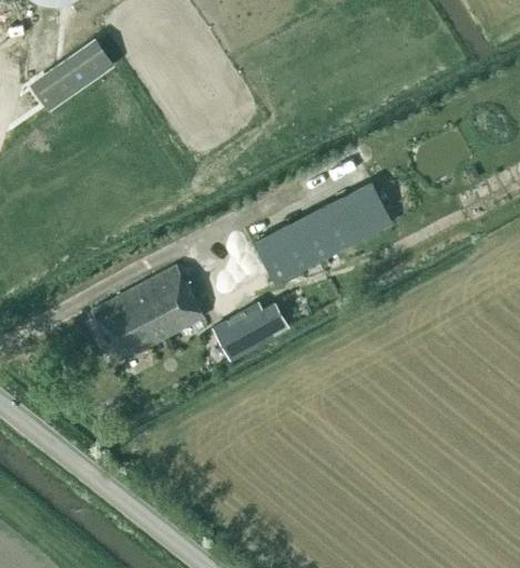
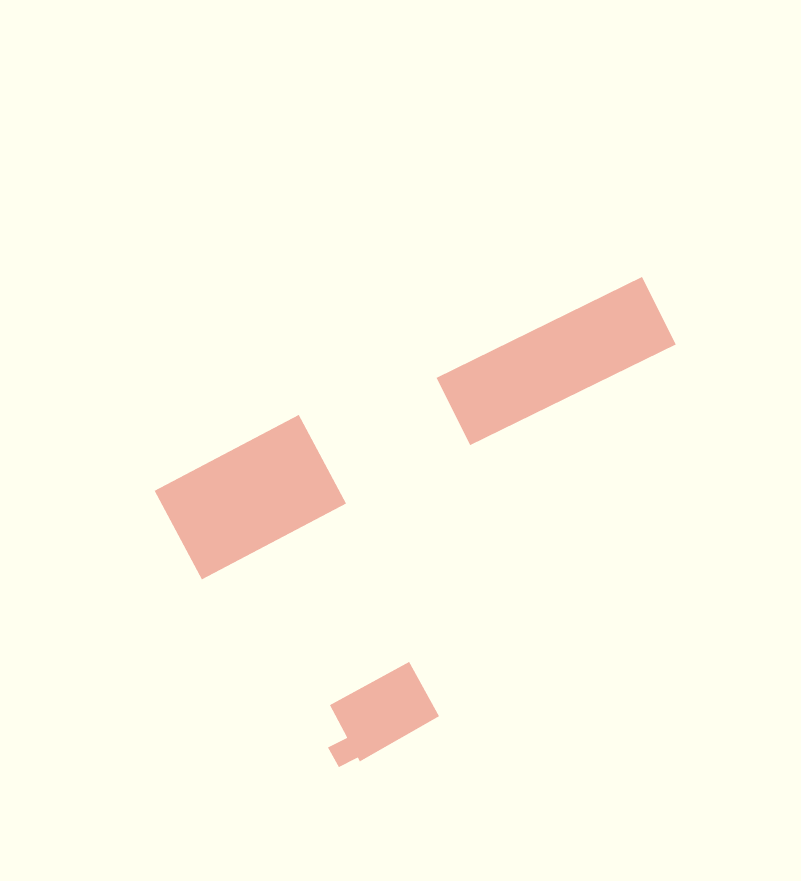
building: [34,42,114,109] -> none
building: [211,300,276,362] -> [327,661,440,768]

